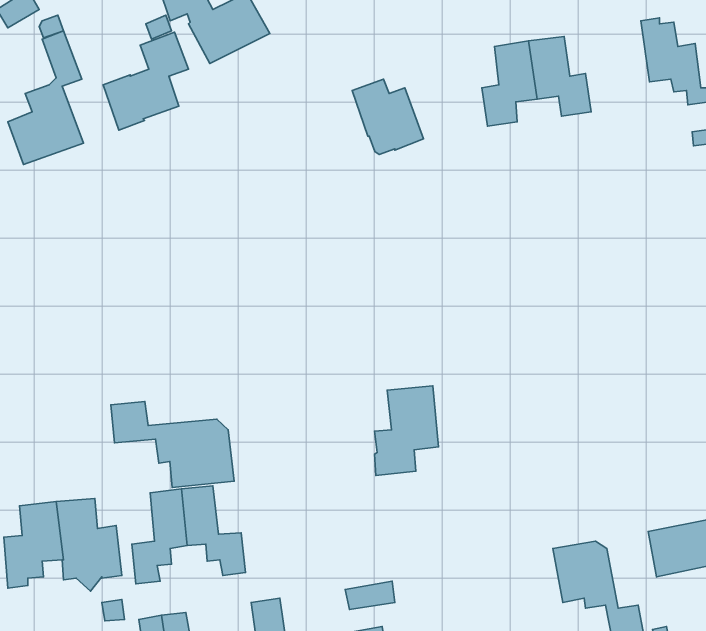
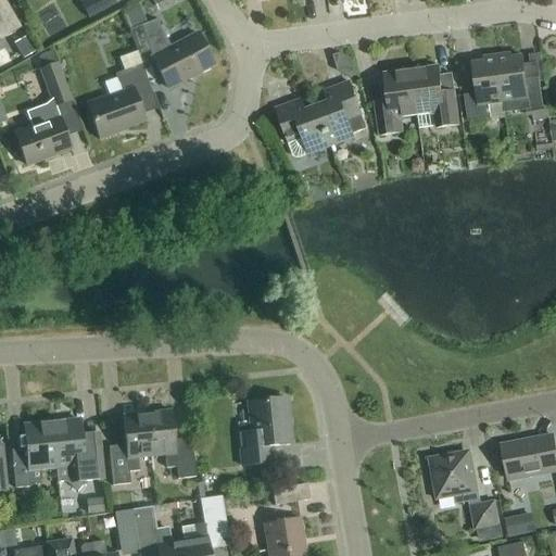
building: none -> [465,53,504,119]
building: none -> [317,79,367,143]
building: [374,386,438,475] -> [240,395,289,464]
building: [111,402,234,487] -> none

